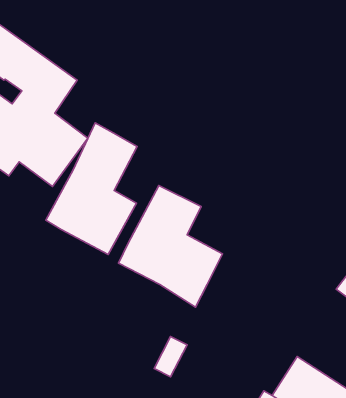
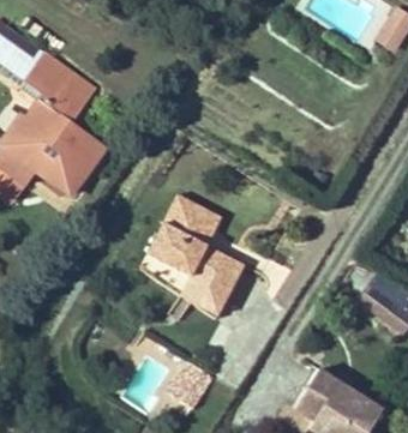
building: [46,123,137,255] -> none

